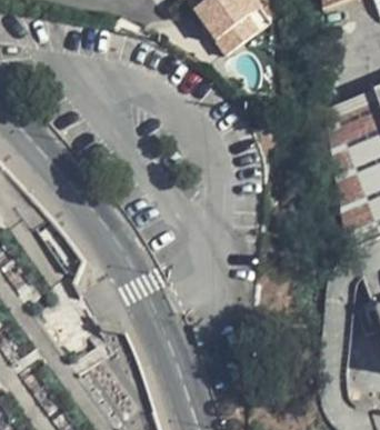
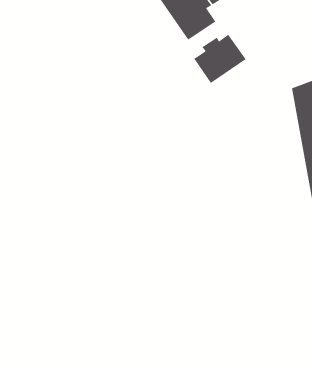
building: none -> [193,34,246,84]

